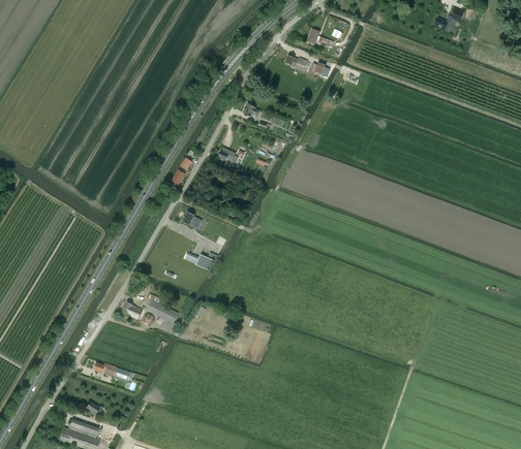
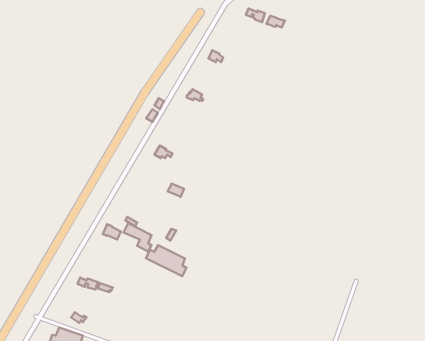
building: none -> [146,245,186,276]

